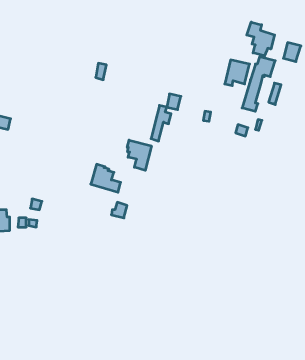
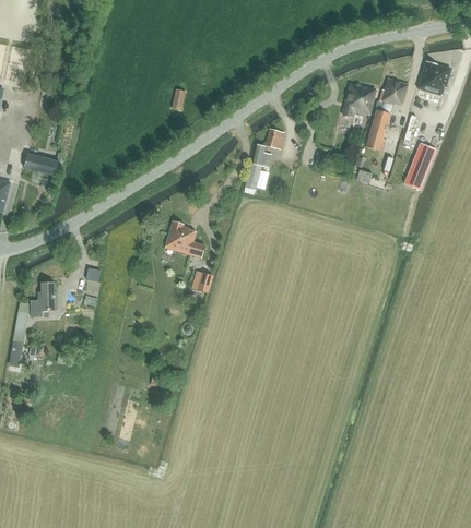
building: [247,22,275,56] -> none
building: none -> [403,142,434,189]
building: [127,140,151,170] -> none

